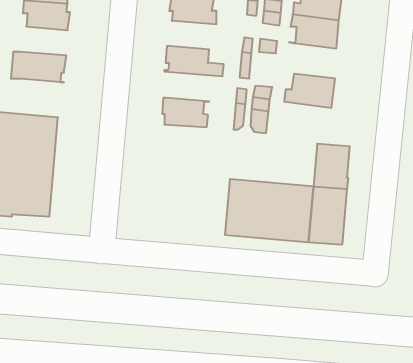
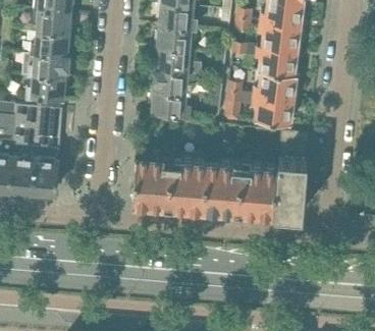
building: none -> [154,31,196,55]
building: none -> [30,36,70,60]
building: none -> [255,49,297,79]
building: none -> [151,73,201,99]
building: none -> [25,79,67,104]
building: none -> [252,99,292,128]
building: none -> [131,158,207,211]

